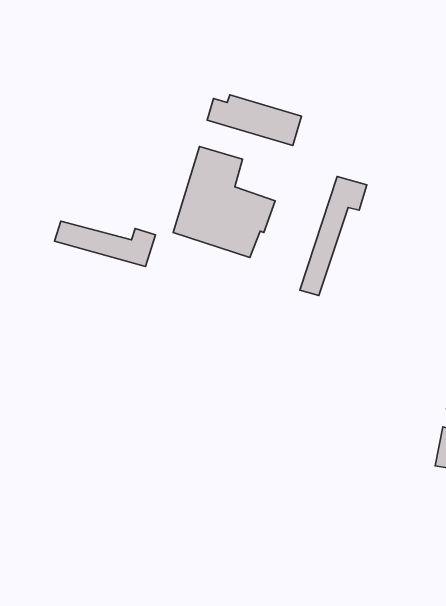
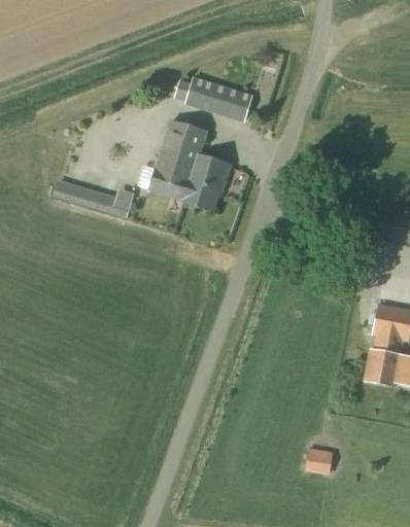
building: [300,177,367,295] -> none
building: none -> [306,448,334,475]

